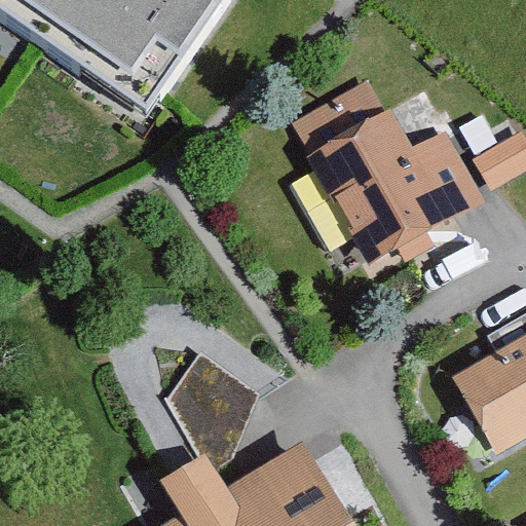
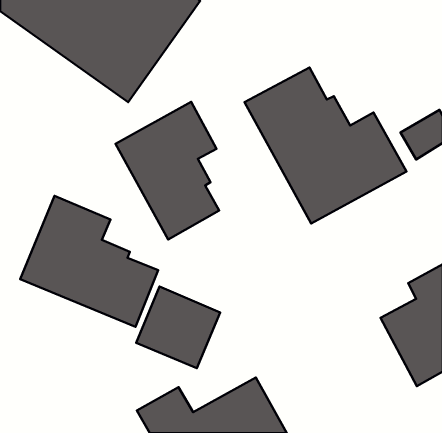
building: none -> [115,102,219,240]
building: none -> [20,196,158,327]

